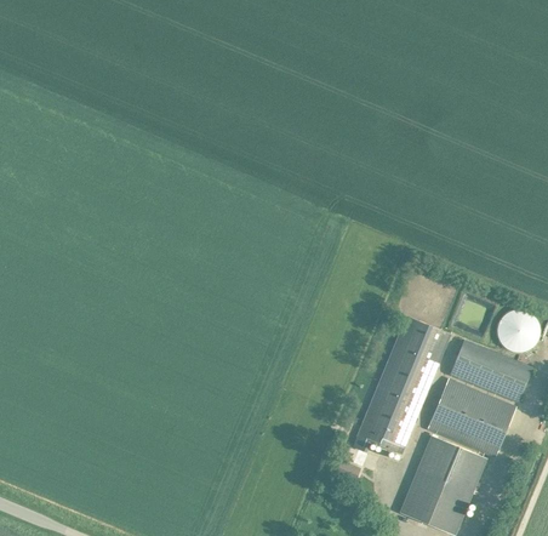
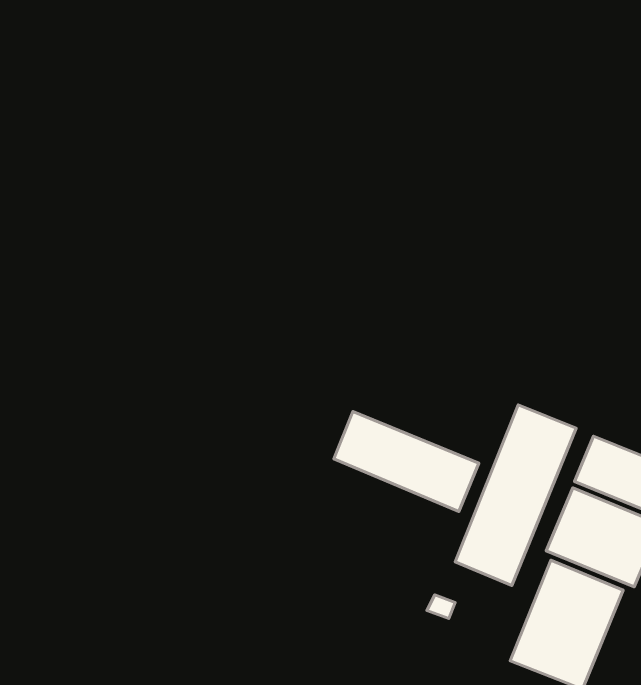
building: none -> [334,412,479,511]

